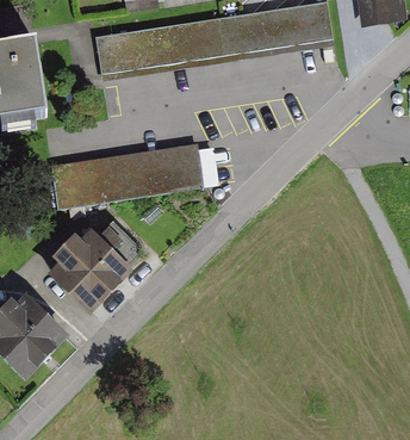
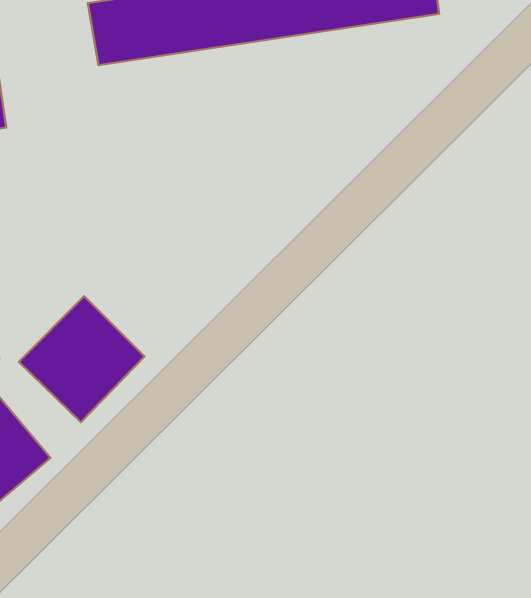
building: [49,144,200,205] -> none

